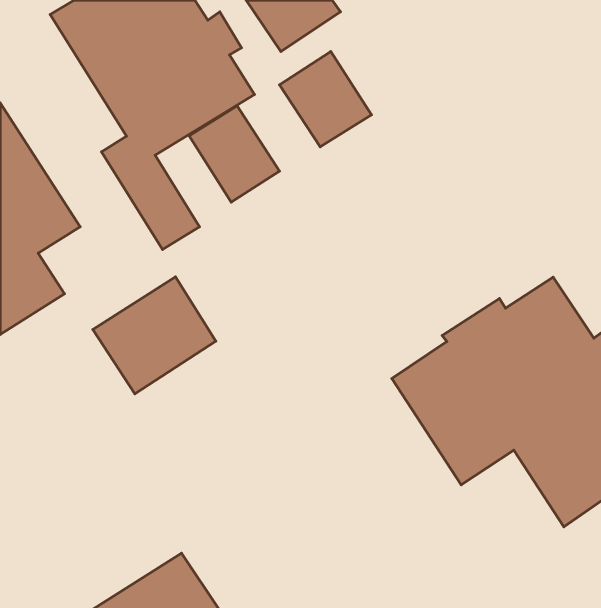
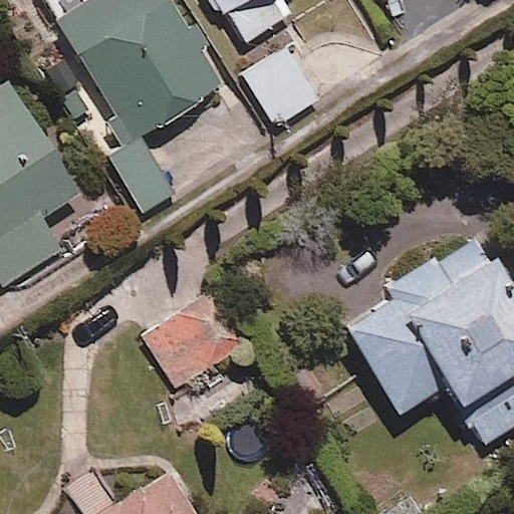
building: [189,106,280,202] -> none
building: [93,277,216,394] -> [146,289,249,388]

